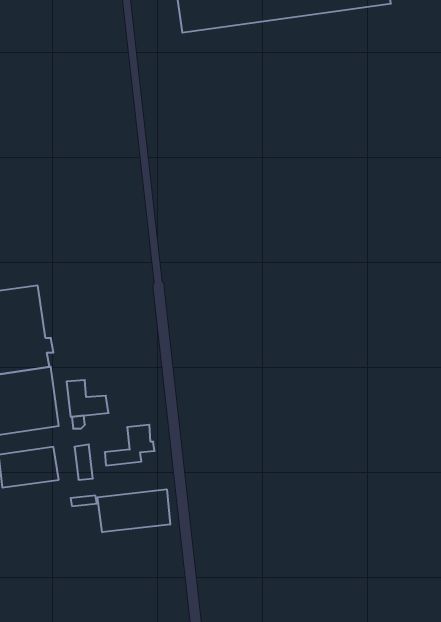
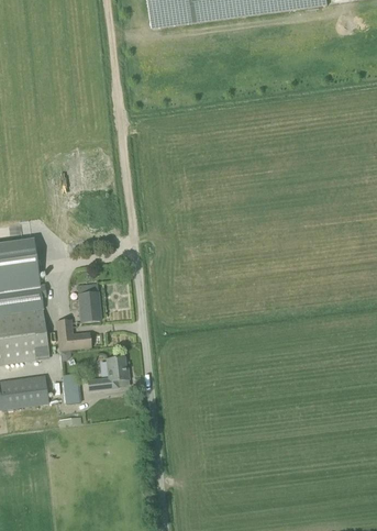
building: none -> [70,285,100,322]
building: [97,489,170,532] -> none

